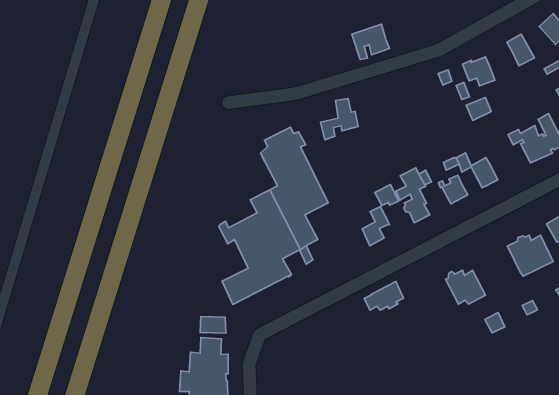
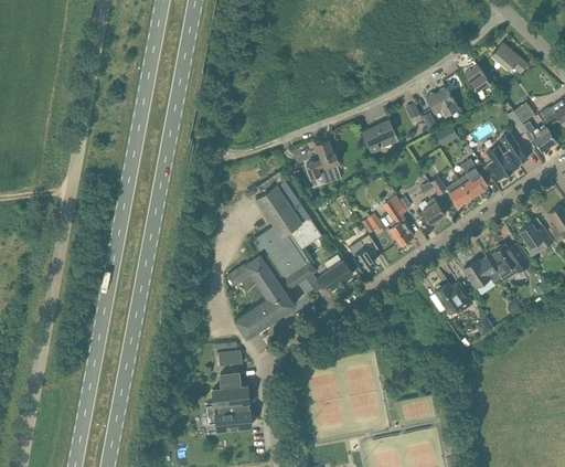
building: [352,24,390,60] -> [362,119,397,153]
building: none -> [458,158,486,198]
building: none -> [462,257,500,288]
building: [364,281,404,310] -> [316,261,351,289]

